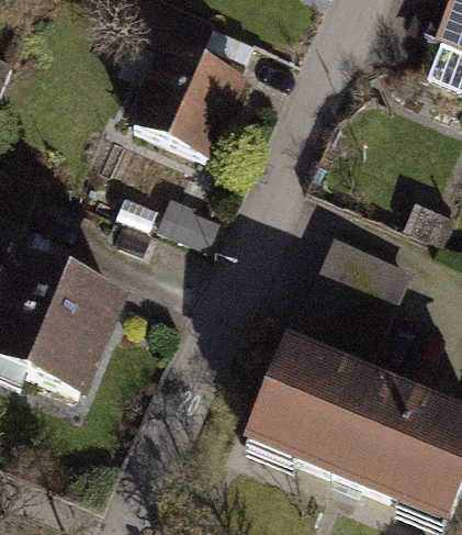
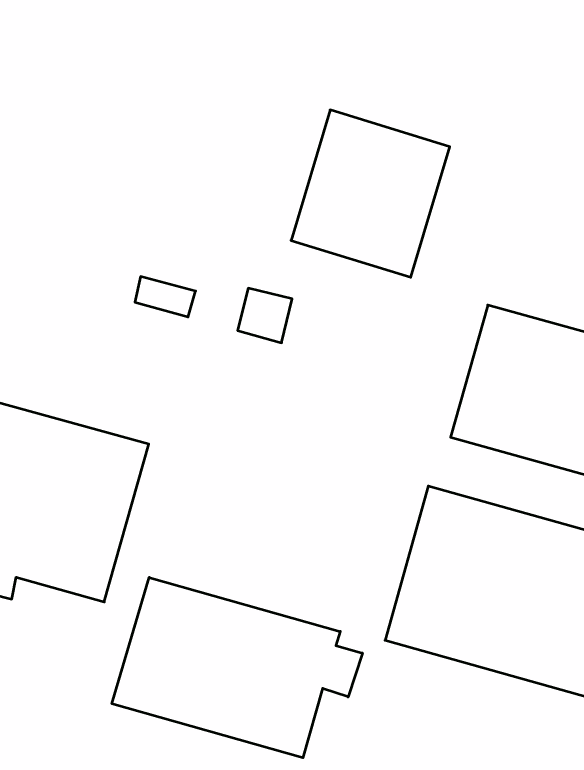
building: [135,44,240,154] -> [291,110,450,277]
building: none -> [112,577,362,758]

